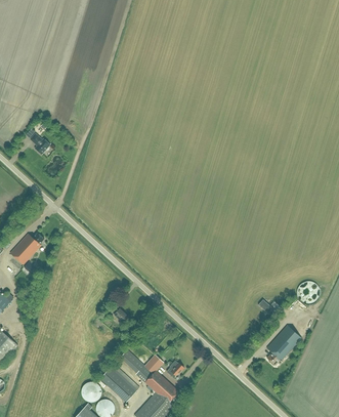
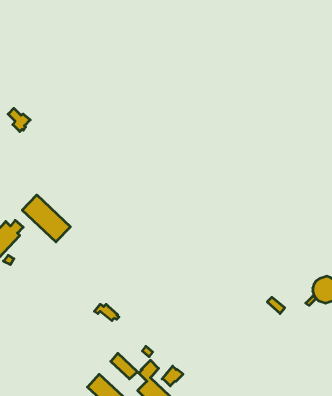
building: none -> [22,195,70,242]
building: [266,325,301,365] -> none

